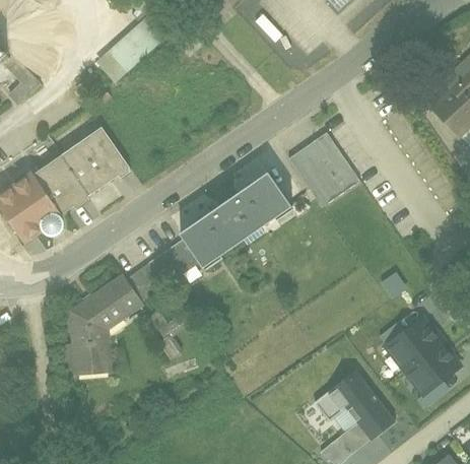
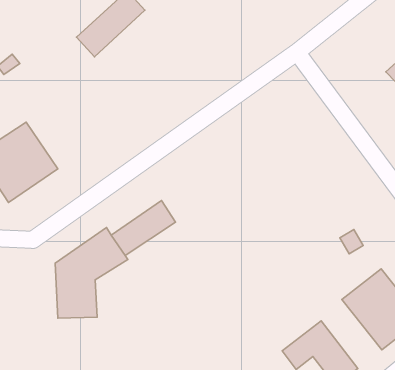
building: [38,120,126,206] -> none
building: [293,136,362,208] -> none
building: [180,172,290,267] -> none

